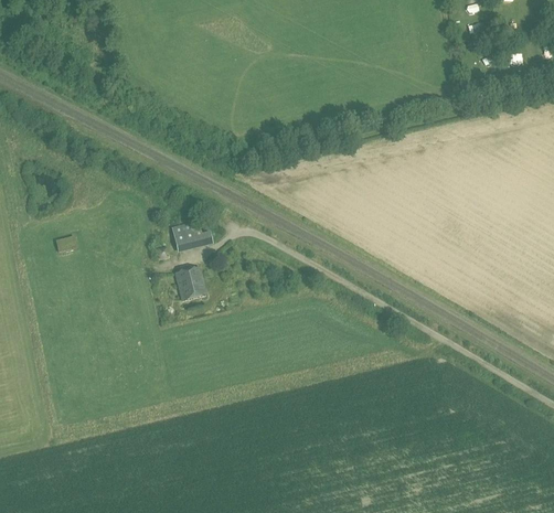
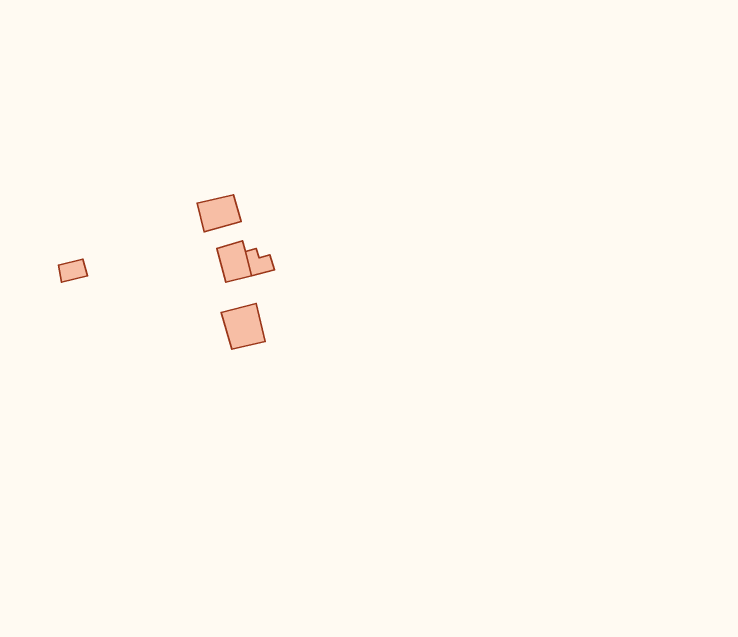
building: none -> [197,195,241,232]

